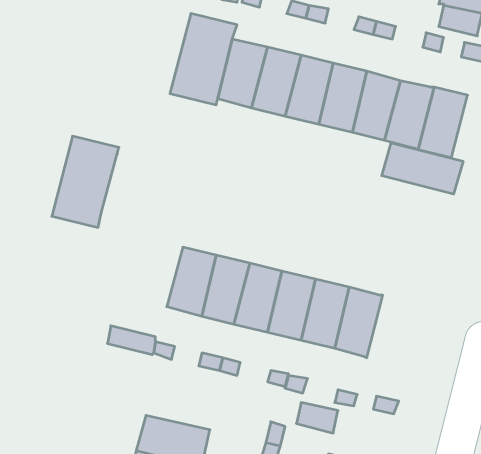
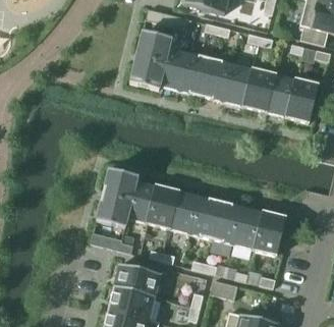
building: [52,136,119,227] -> [97,169,140,227]
building: [382,143,463,194] -> none
building: none -> [256,211,287,256]
building: none -> [115,264,162,296]

